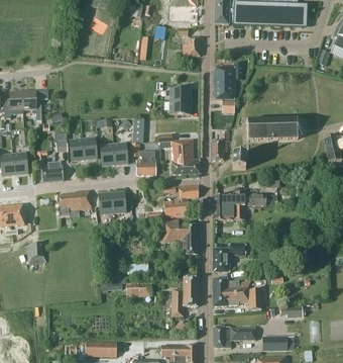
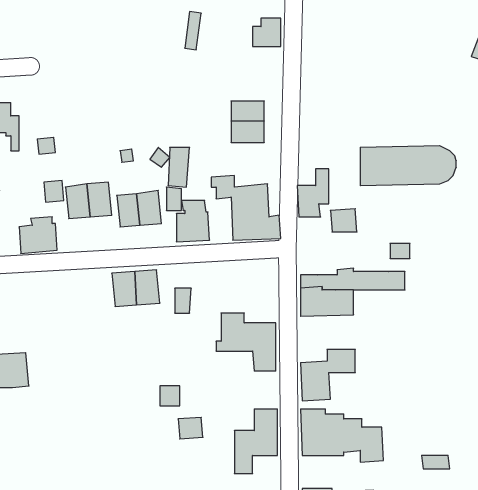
building: [214,63,242,100] -> none
building: [163,183,199,217] -> none
building: [58,190,92,214] -> none

